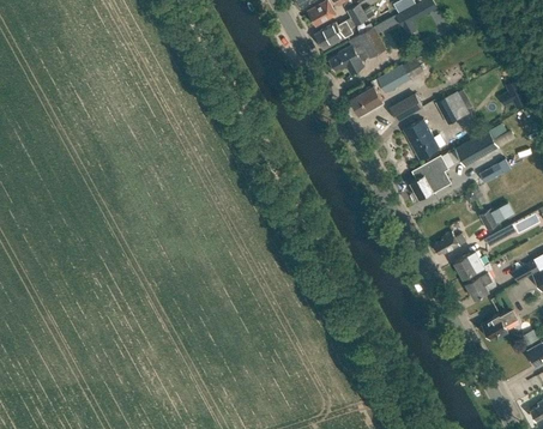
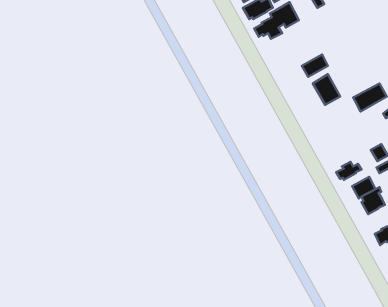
building: [351,56,424,115] -> none
building: [439,91,469,122] -> none
building: [411,153,450,197] -> none

